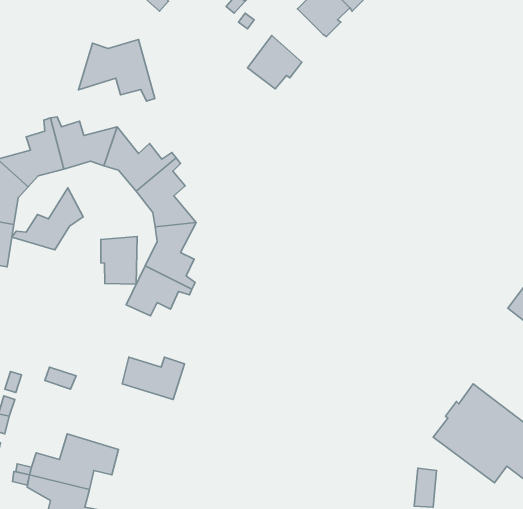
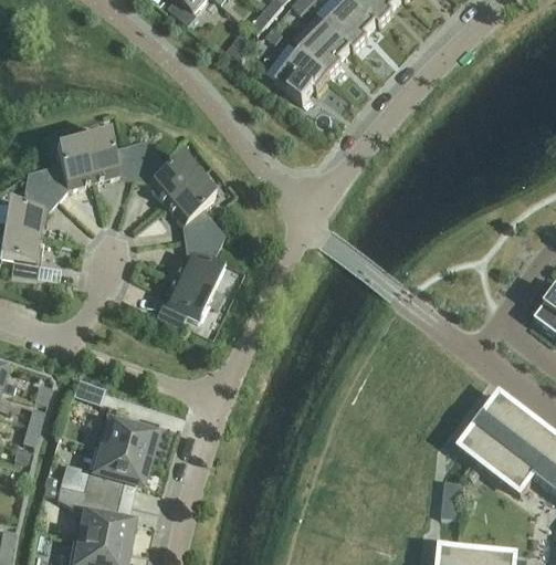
building: none -> [301,21,352,74]
building: [79,40,155,101] -> none
building: [12,188,83,250] -> none
building: [101,236,137,284] -> none
building: [122,357,184,400] -> [97,417,159,459]

